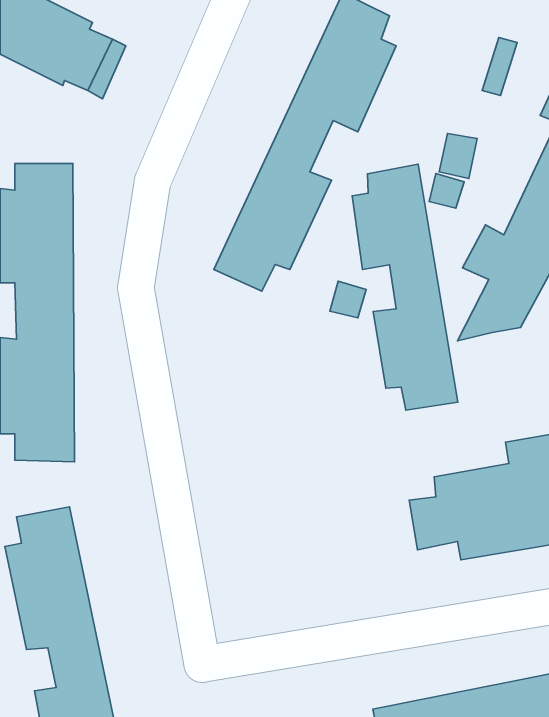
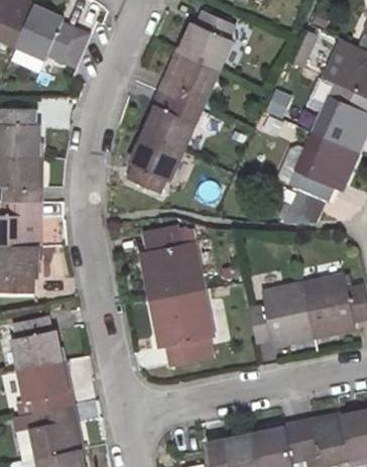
building: [352,164,458,410] -> none
building: none -> [140,226,215,361]

